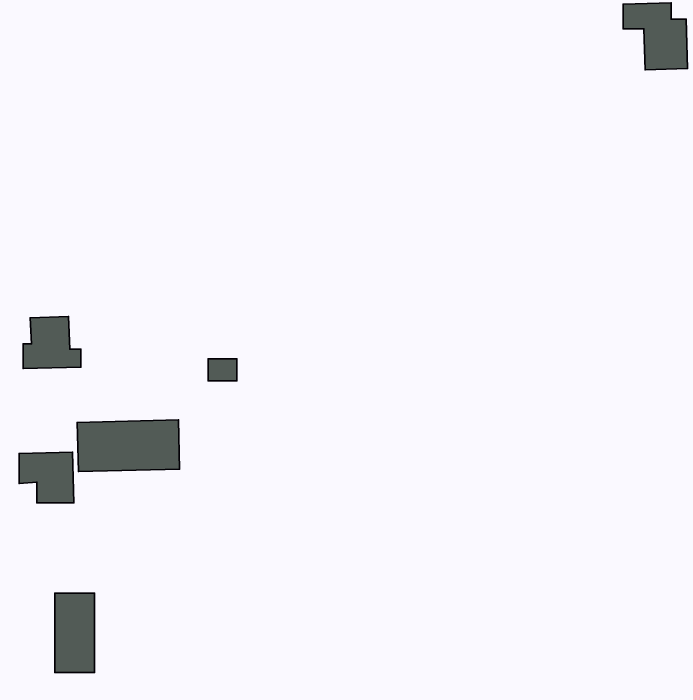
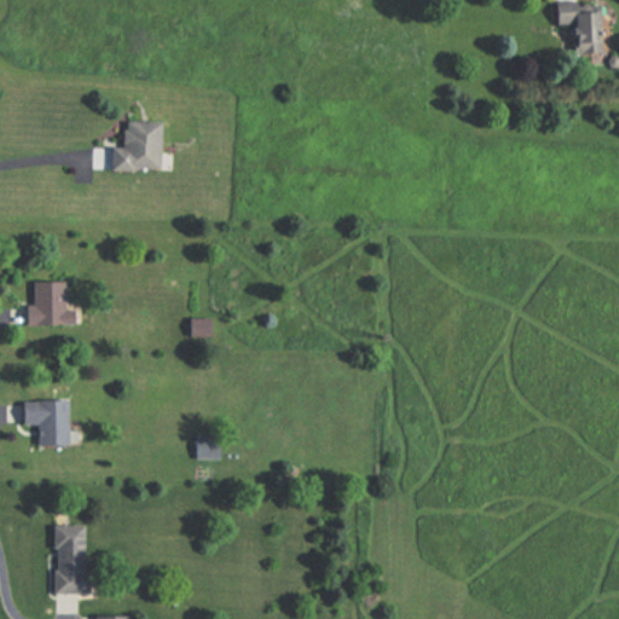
building: none -> [112,123,163,170]
building: [77,420,180,472] -> none
building: none -> [196,434,222,458]

